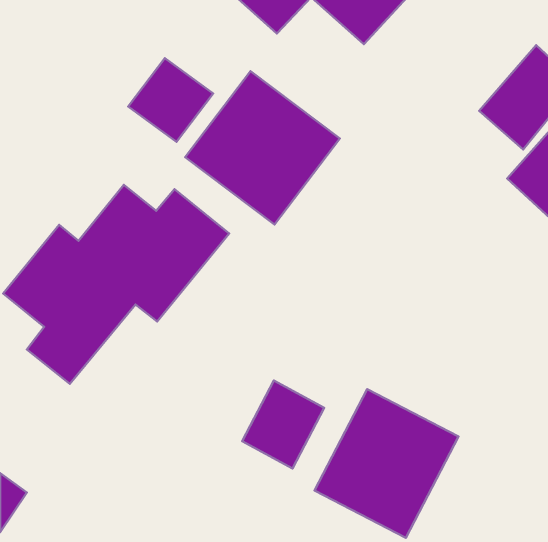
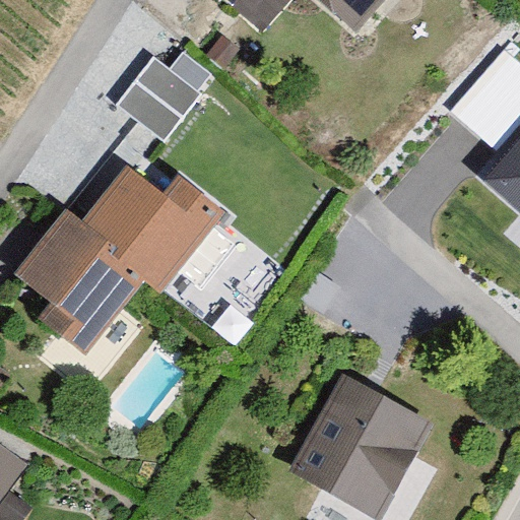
building: [185,71,340,225] -> none
building: [242,381,324,468] -> none

